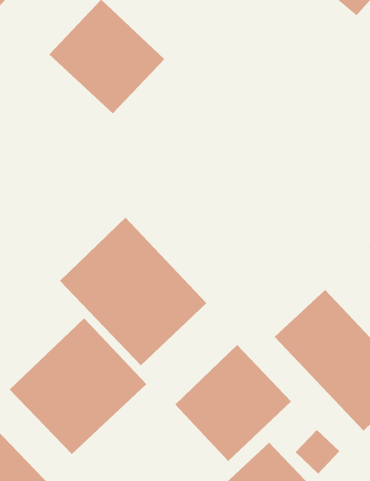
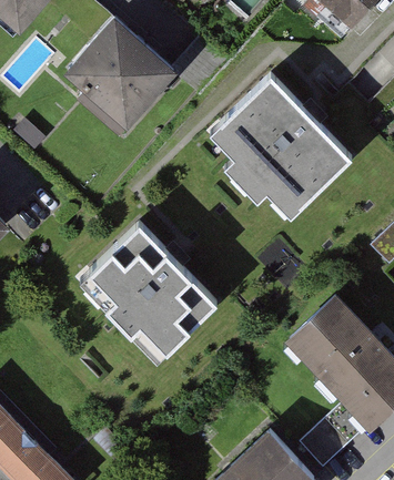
building: none -> [204,70,353,219]
building: [9,317,147,455] -> none
building: [175,344,292,462] -> none

